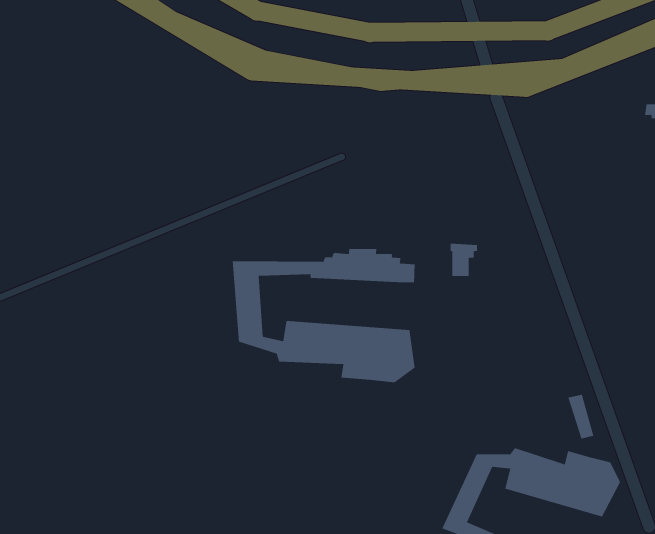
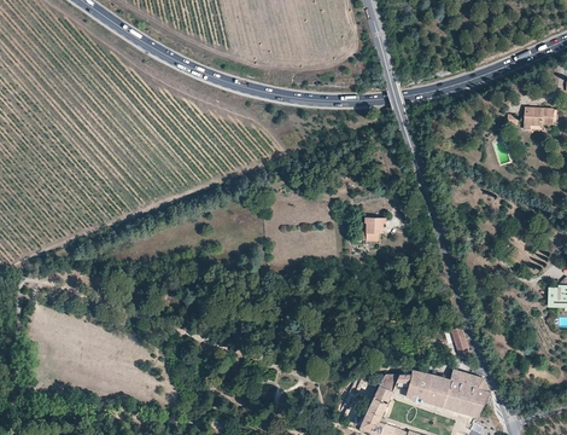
building: [232,248,415,383] -> none

